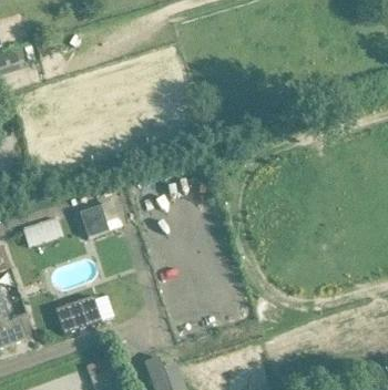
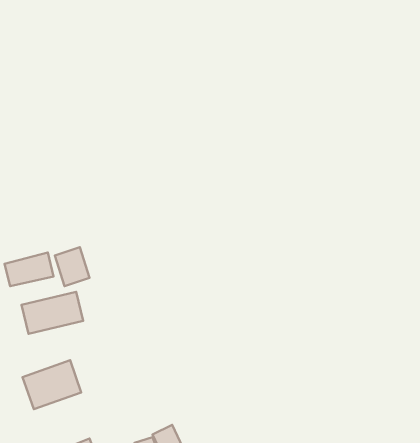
building: none -> [21,292,83,334]

